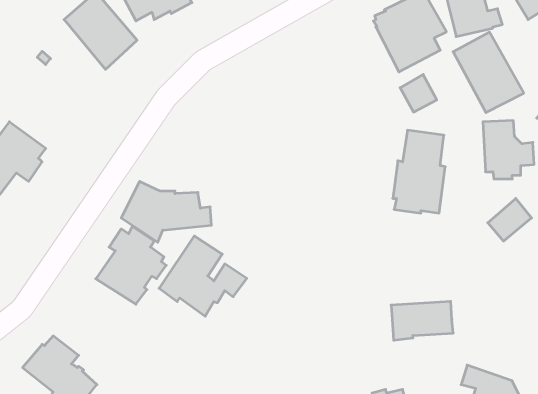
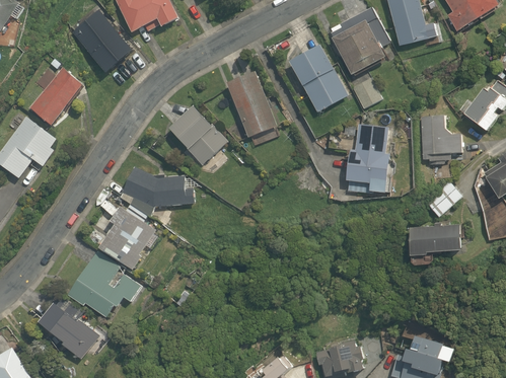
building: [453,32,524,113] -> [289,45,348,111]
building: none -> [29,68,84,125]
building: none -> [226,71,277,137]
building: none -> [169,105,228,164]
building: [159,236,247,316] -> [68,250,141,317]
building: [391,301,453,340] -> [411,223,462,255]

